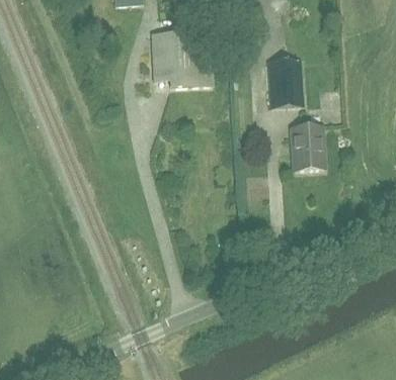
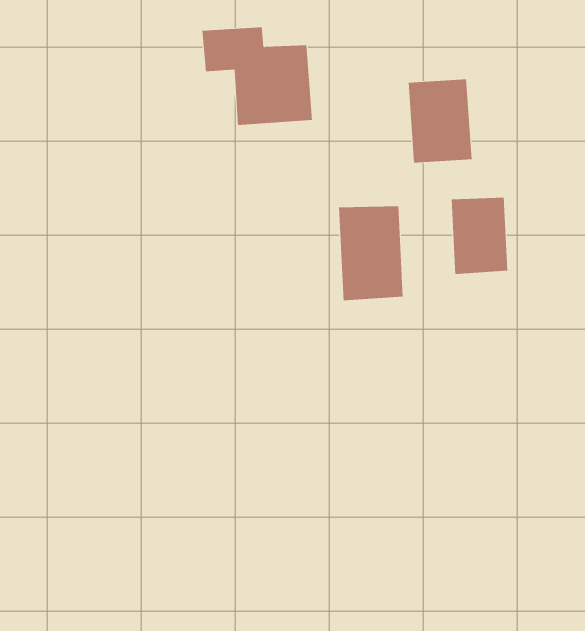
building: none -> [339,205,403,301]

